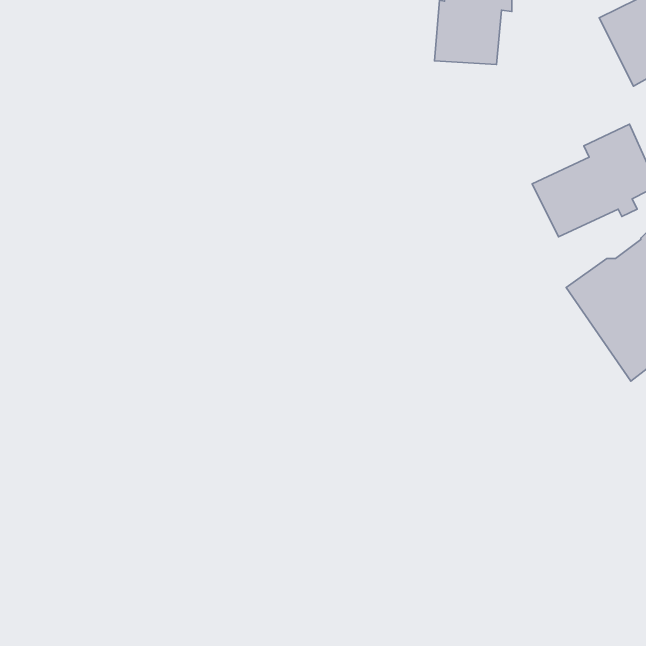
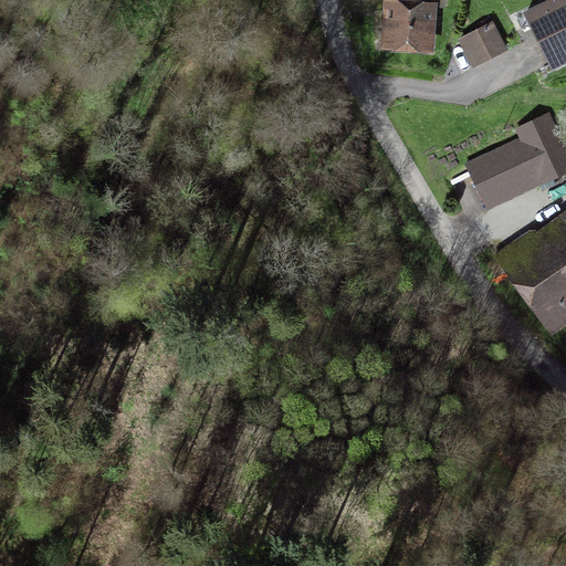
building: none -> [459,15,510,70]

